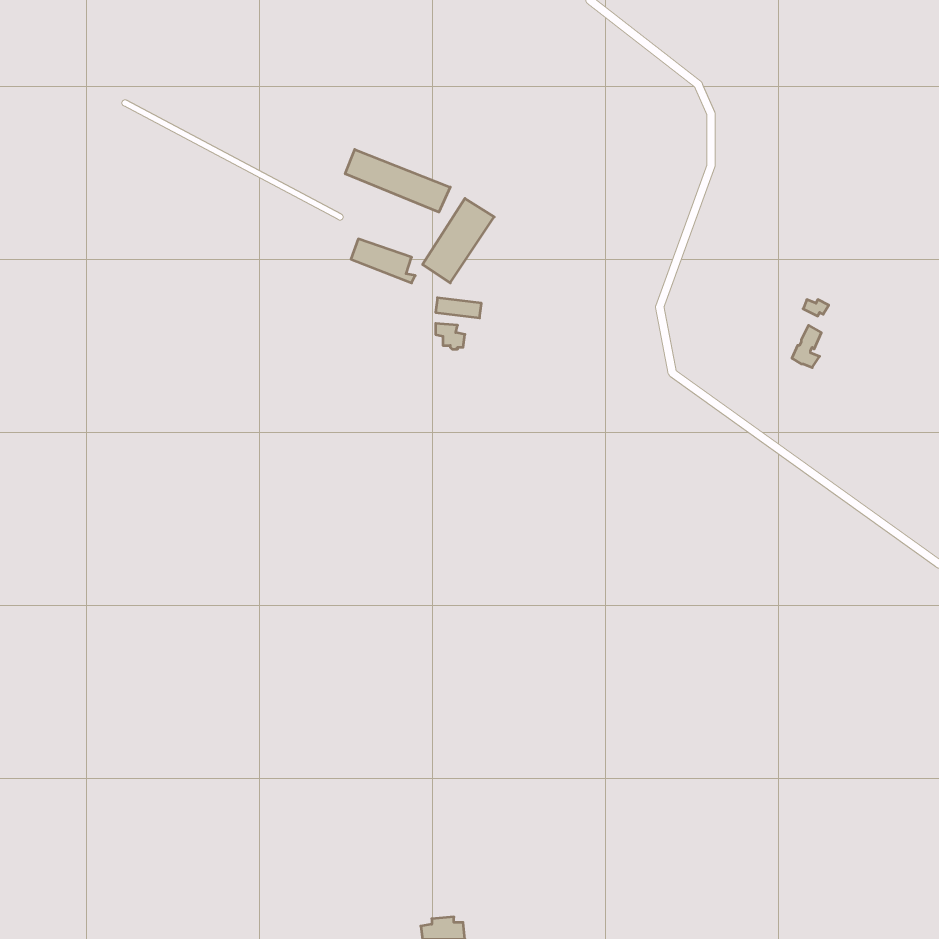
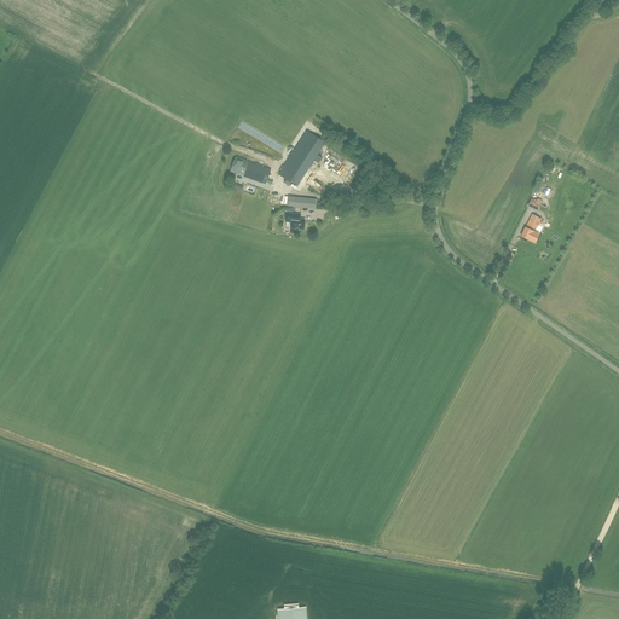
building: [345,149,450,212] -> none

